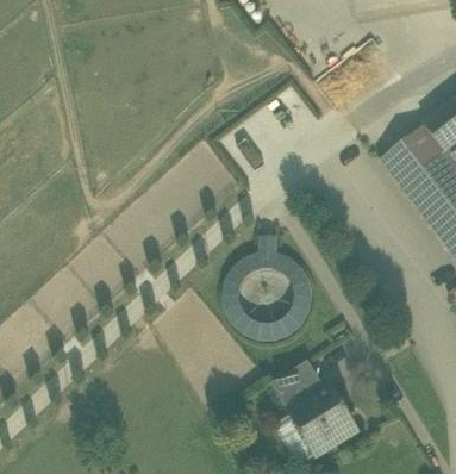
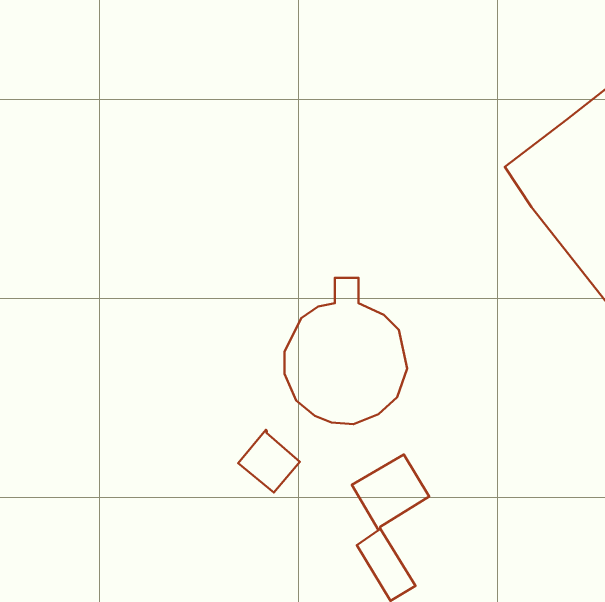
building: none -> [238,430,300,493]
building: [292,387,356,453] -> none

